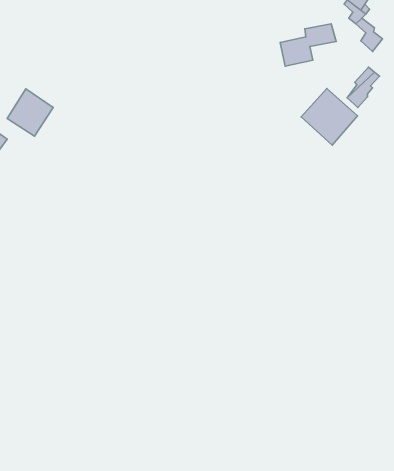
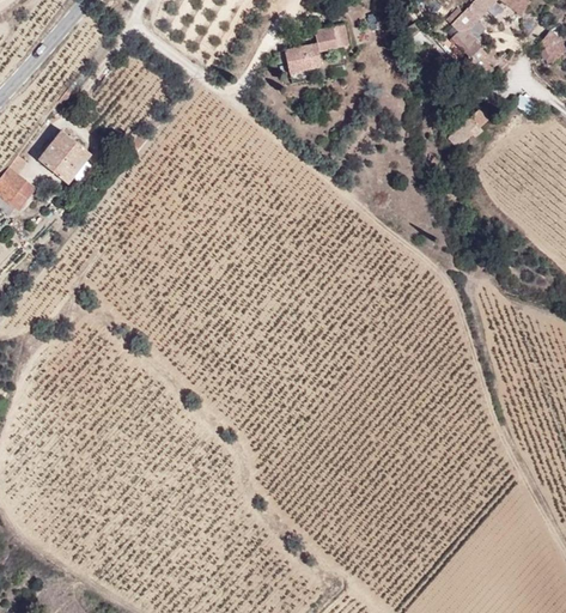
building: [280,24,336,66] -> [284,24,352,75]
building: [301,88,358,145] -> none

